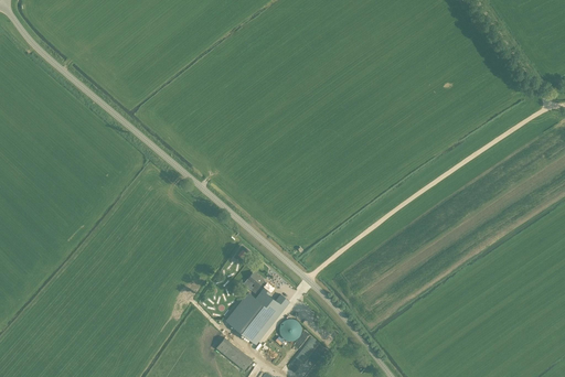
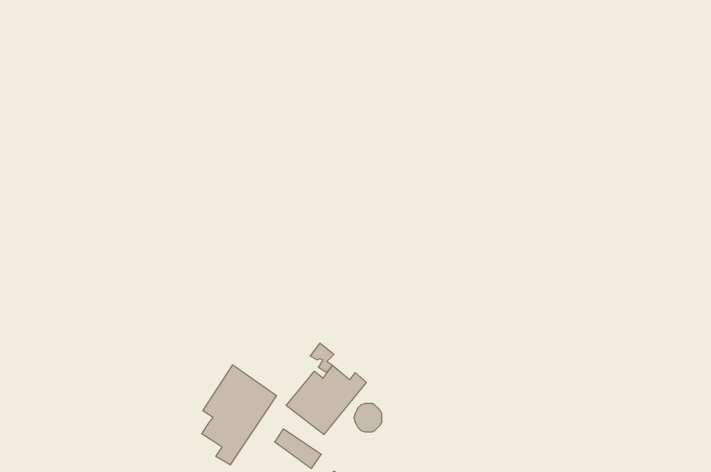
building: none -> [202,365,276,465]

